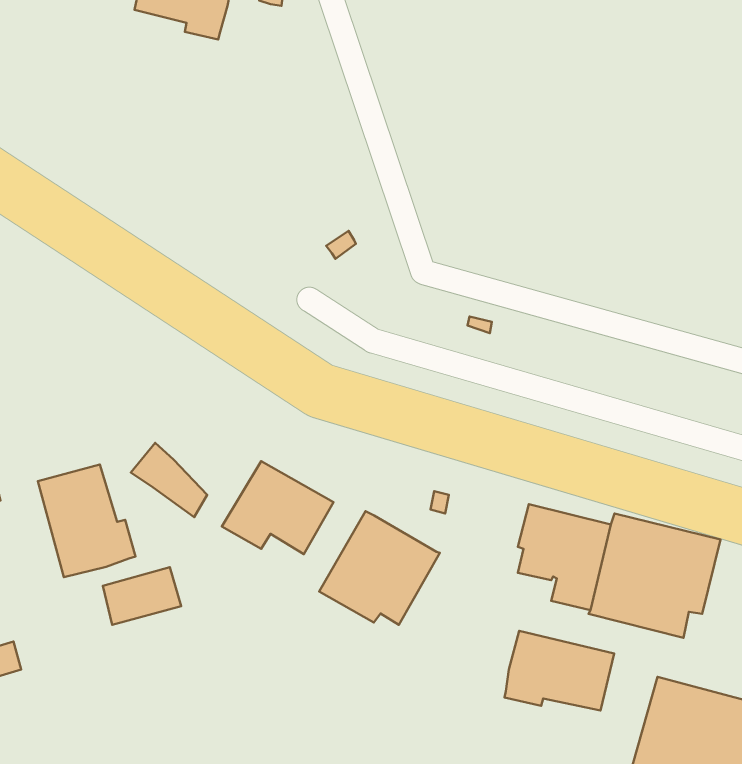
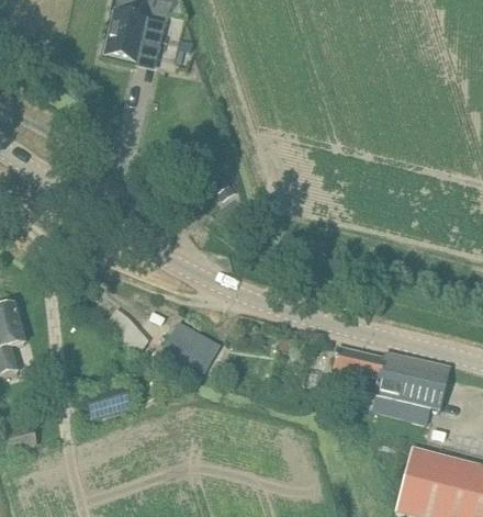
building: [38,465,135,577] -> none
building: [319,511,440,625] -> none
building: [505,631,614,711] -> none

